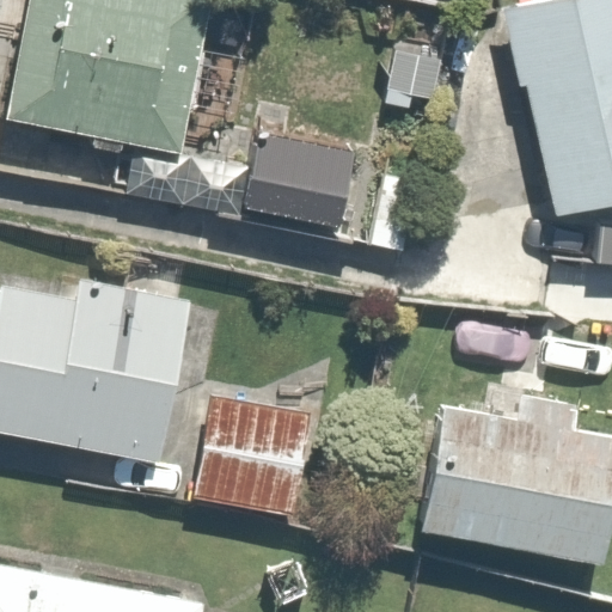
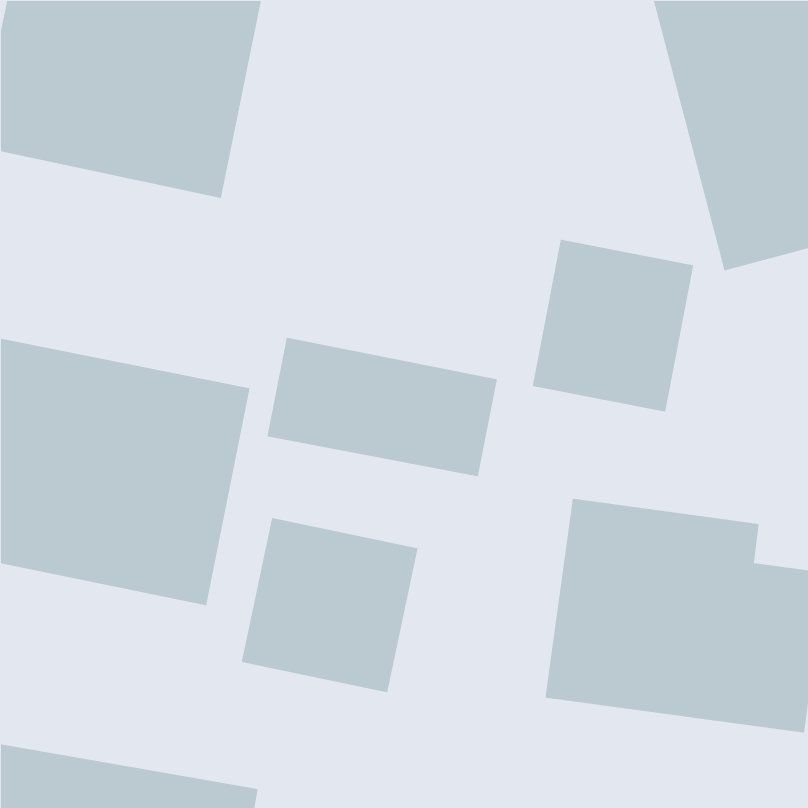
building: [215,145,386,249] -> [267,337,498,477]
building: none -> [532,239,694,413]

